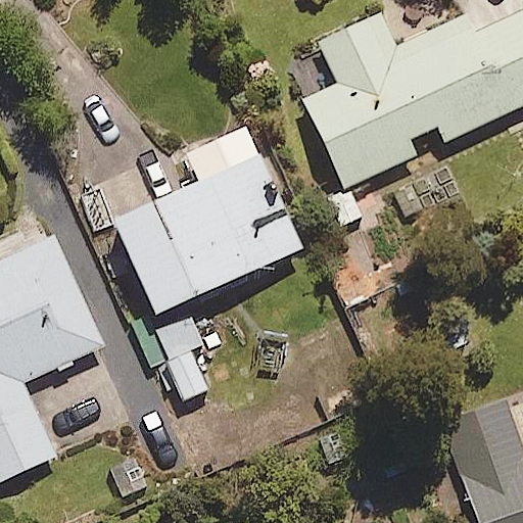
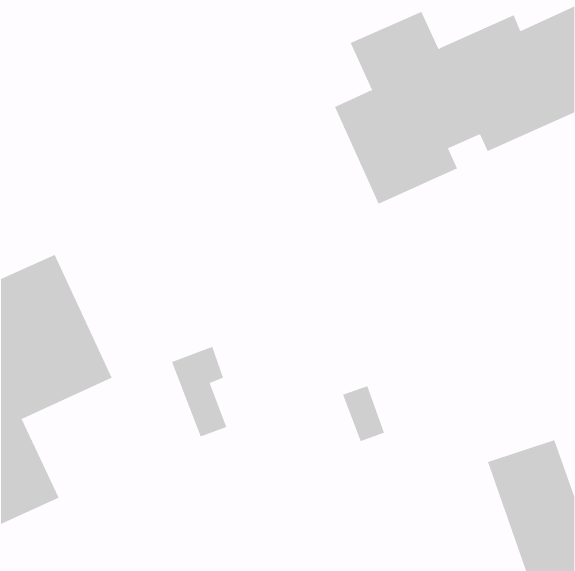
building: [112,130,300,312] -> none

